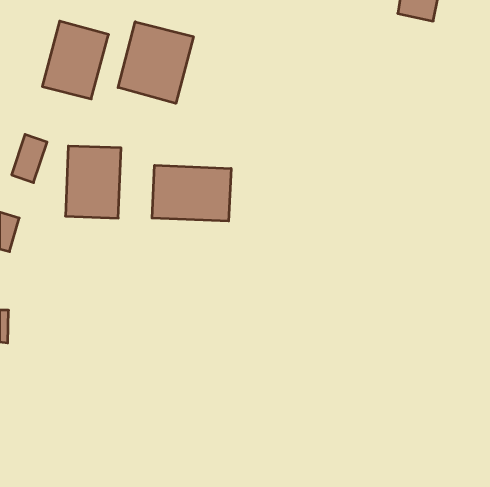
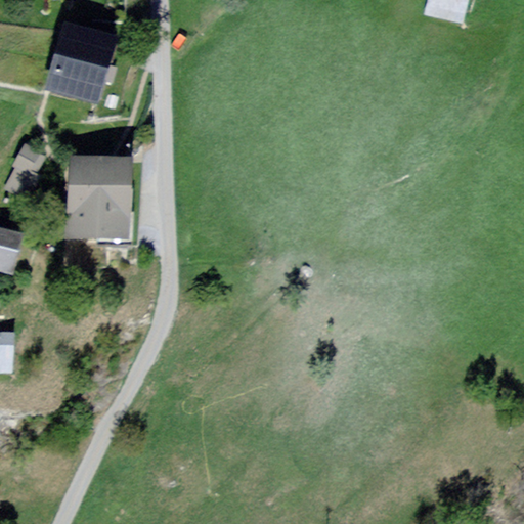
building: [118,22,193,103] -> none
building: [152,165,231,221] -> none

